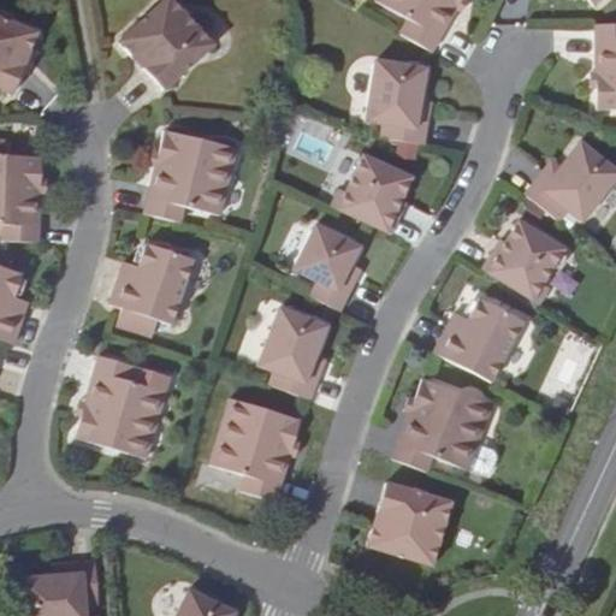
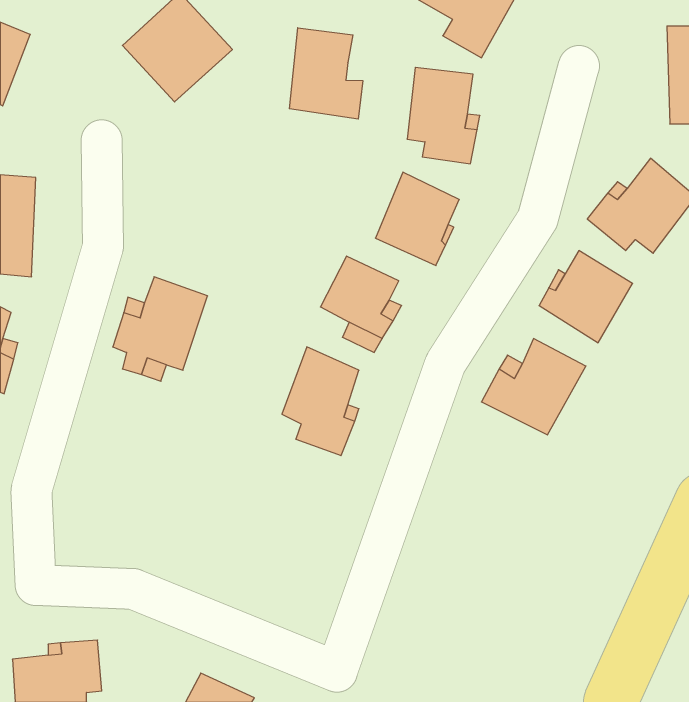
building: none -> [289,28,363,119]
building: [144,130,237,221] -> none
building: [75,354,166,457] -> none
building: [392,377,493,472] -> none
building: [212,397,302,500] -> none
building: [367,481,452,564] -> none

